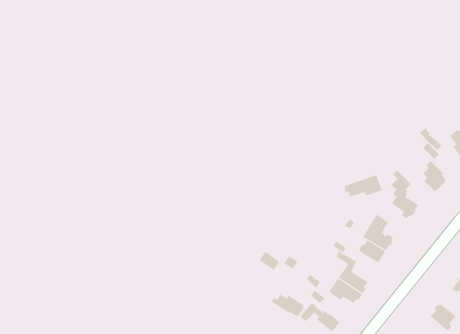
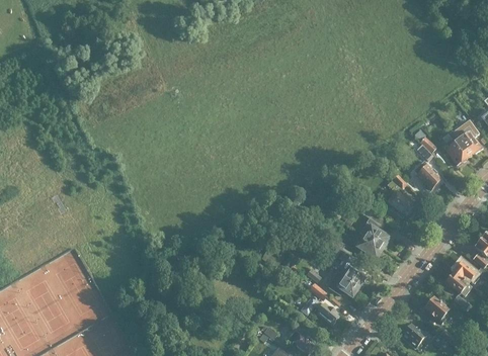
building: [344,174,382,197] -> none
building: [271,294,305,316] -> none

